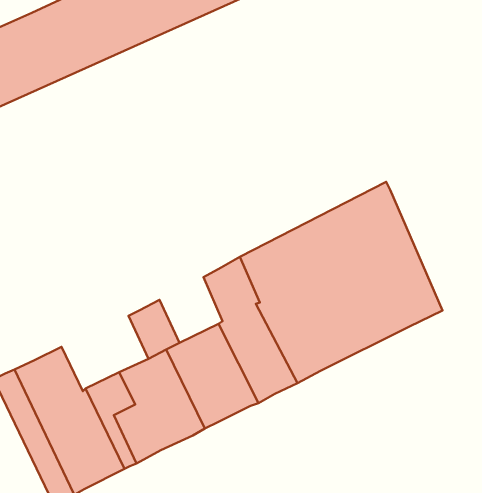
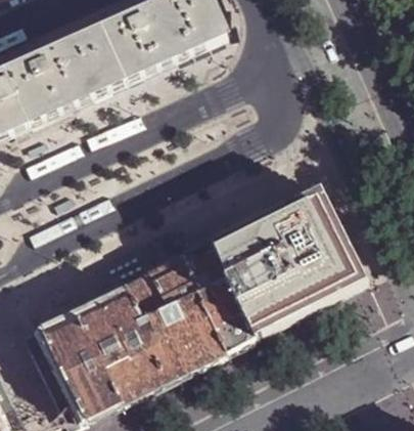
building: none -> [148,256,196,306]
building: none -> [74,286,140,343]

